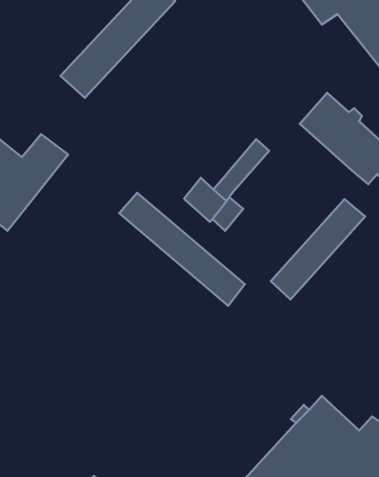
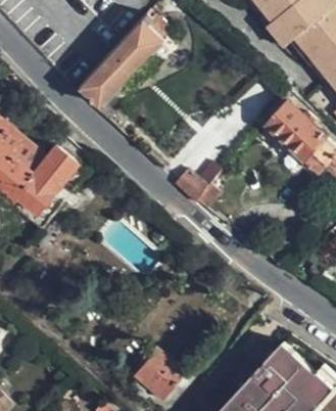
building: [119,193,245,306] -> none
building: [271,199,365,300] -> none
building: none -> [131,349,184,399]

